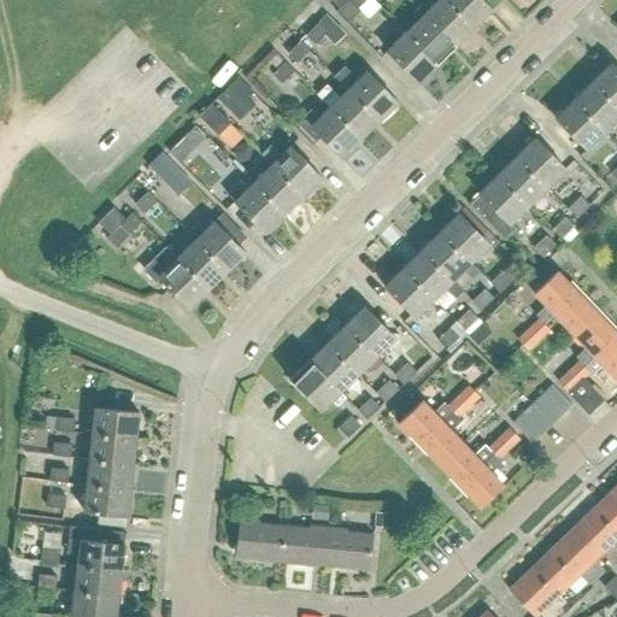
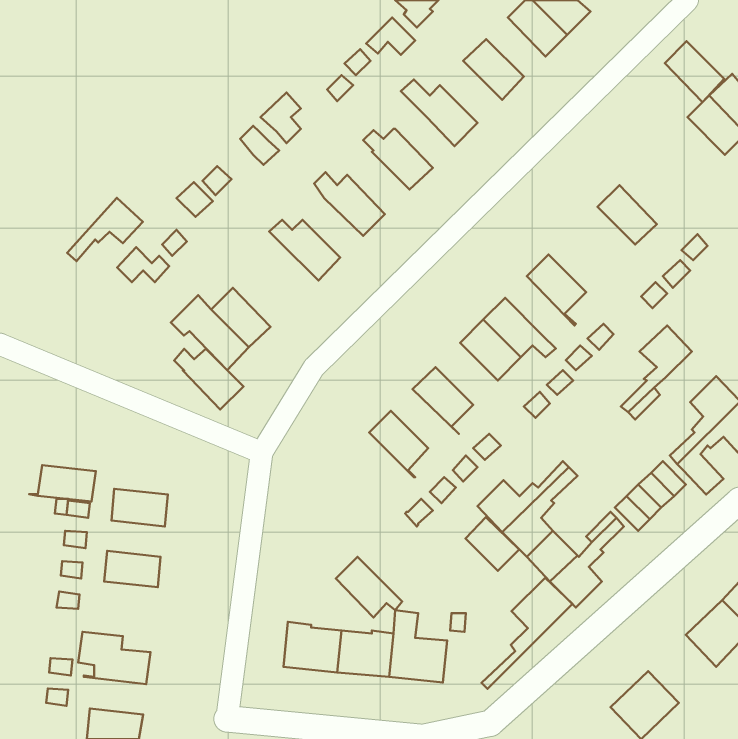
building: [406,14,456,64] -> none
building: [318,83,380,140] -> none
building: [556,98,605,148] -> [665,41,724,102]
building: [517,136,566,187] -> none
building: none -> [67,198,143,261]
building: [245,165,304,215] -> none
building: [470,172,537,239] -> none
building: [188,222,246,272] -> [174,349,243,410]
building: [422,230,480,280] -> none
building: [556,293,598,335] -> none
building: [327,324,383,374] -> none
building: [290,360,346,411] -> [336,557,402,618]
building: none -> [466,517,519,571]
building: [83,434,139,464] -> [29,465,96,501]
building: none -> [482,578,572,689]
building: [86,484,133,515] -> none
building: [541,529,598,586] -> none
building: [70,564,123,595] -> none

